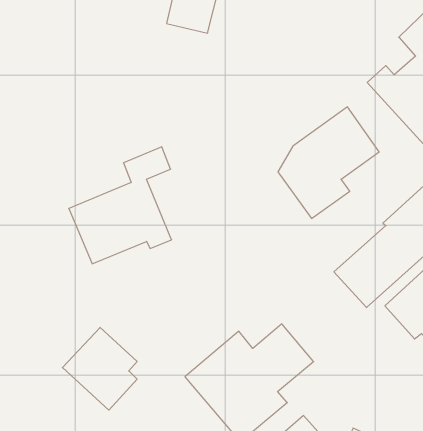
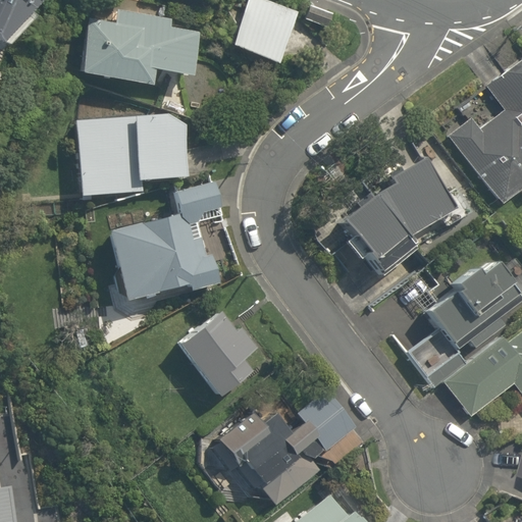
building: none -> [82,18,199,80]
building: none -> [76,112,188,198]
building: [62,327,137,410] -> [178,308,261,400]

